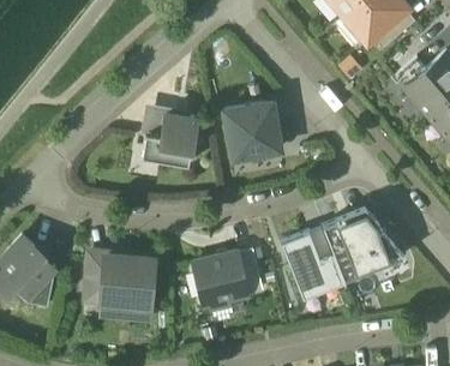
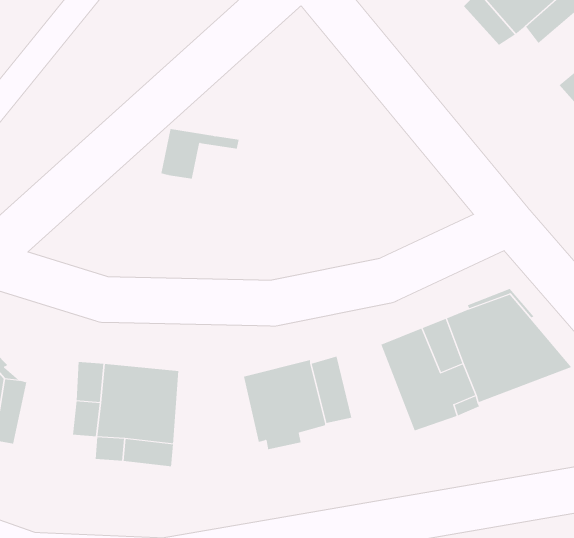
building: [224,101,281,158] -> none
building: [143,113,197,164] -> none

